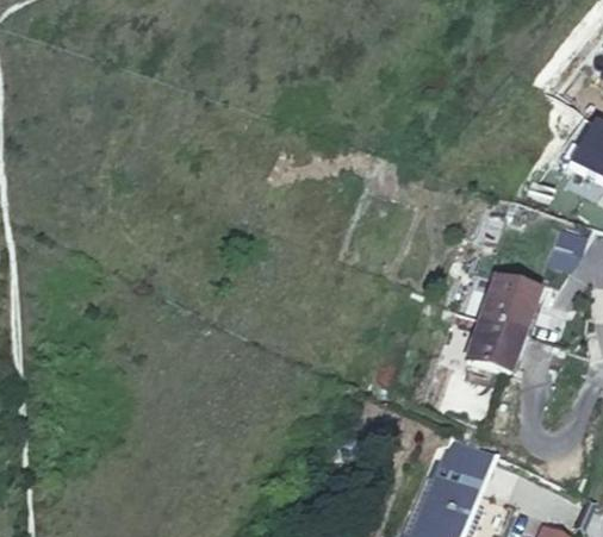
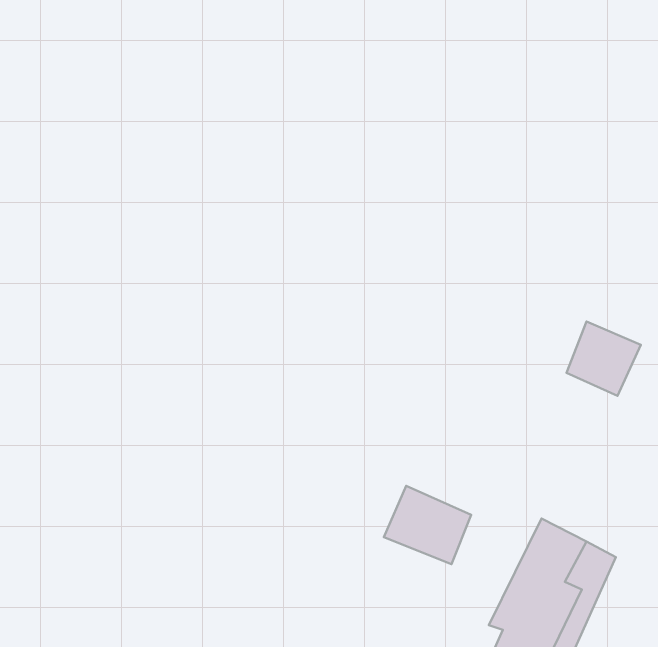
building: [454,318,512,379] -> none
building: none -> [384,486,471,564]

